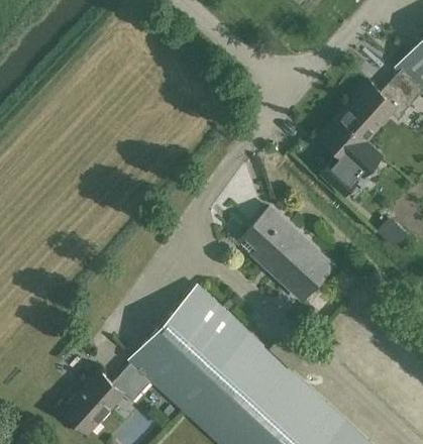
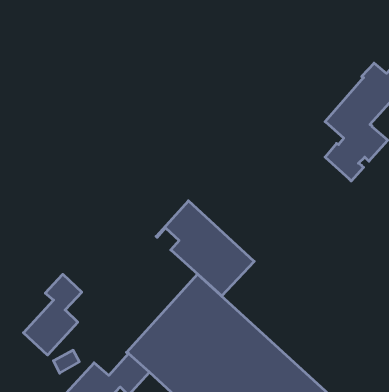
building: [238,208,333,300] -> [156,201,254,296]
building: none -> [23,274,82,355]

